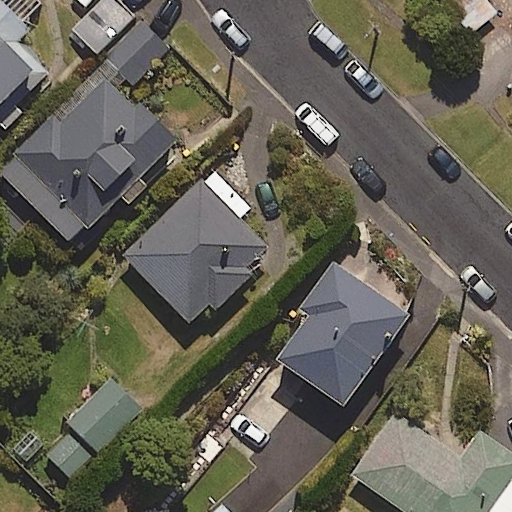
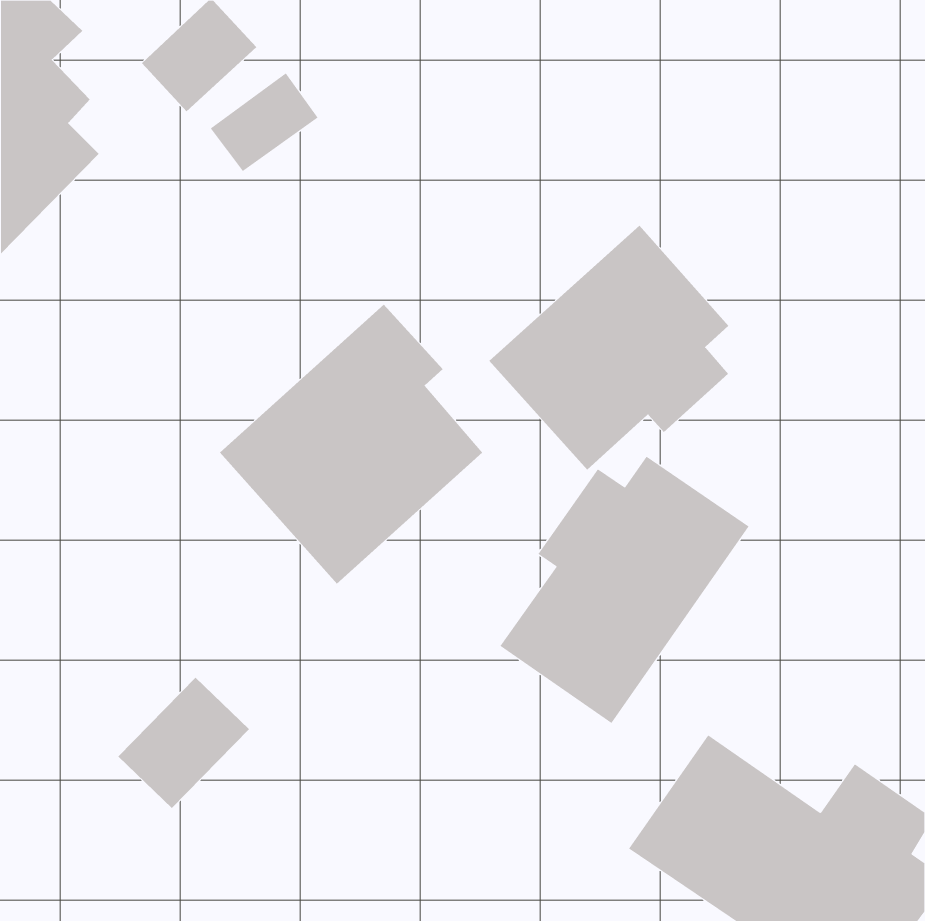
building: [7,86,188,260] -> none
building: none -> [489,225,729,470]

